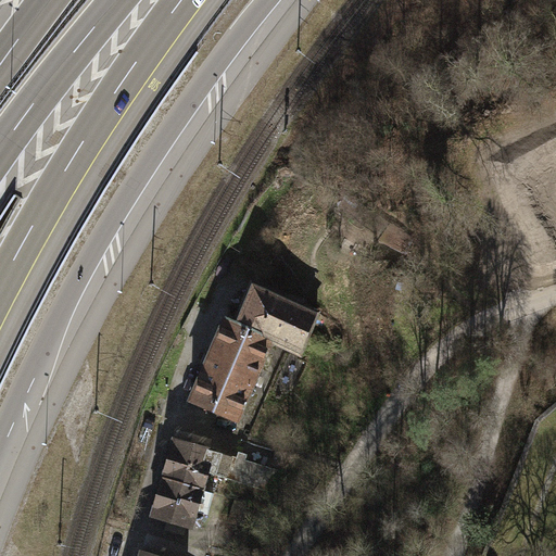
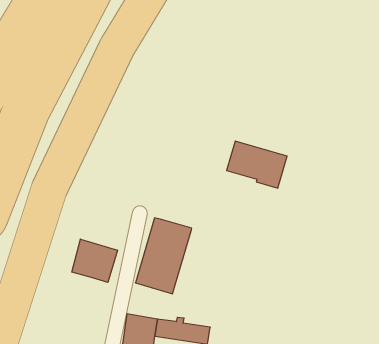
building: [235,285,316,353] -> [227,141,287,188]
building: none -> [72,239,117,282]

